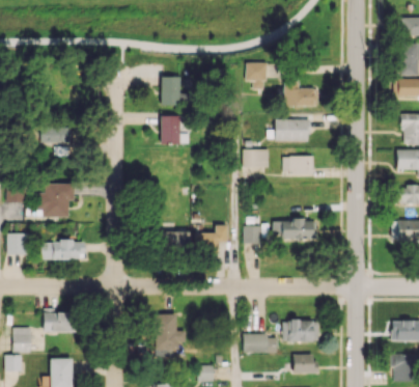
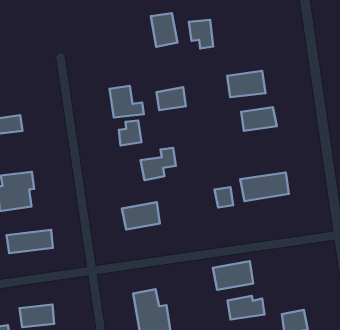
building: [161,76,183,106] -> [151,13,177,47]
building: [284,83,319,106] -> none
building: [244,148,270,167] -> [157,87,186,110]
building: none -> [119,120,141,146]
building: [195,225,228,252] -> [140,148,176,180]
building: [282,320,318,342] -> [213,261,253,290]

